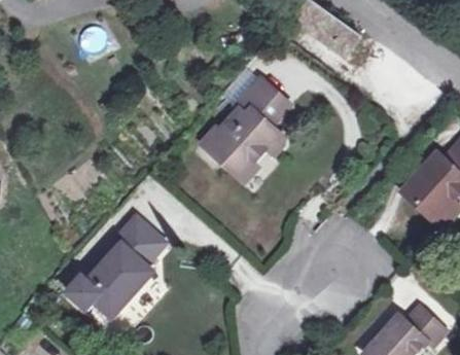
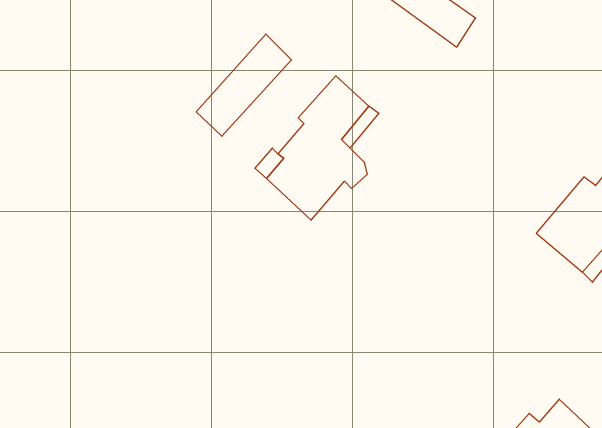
building: none -> [196,34,292,136]
building: [66,215,165,318] -> none

